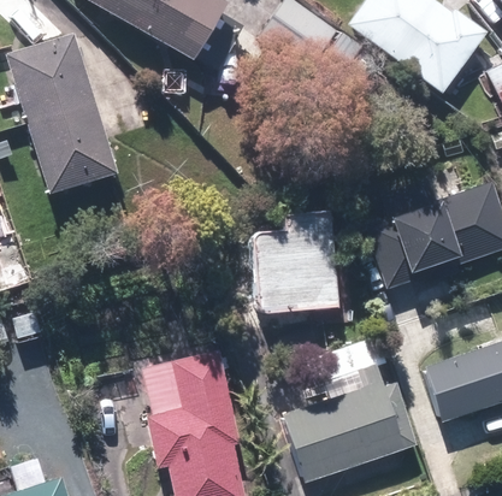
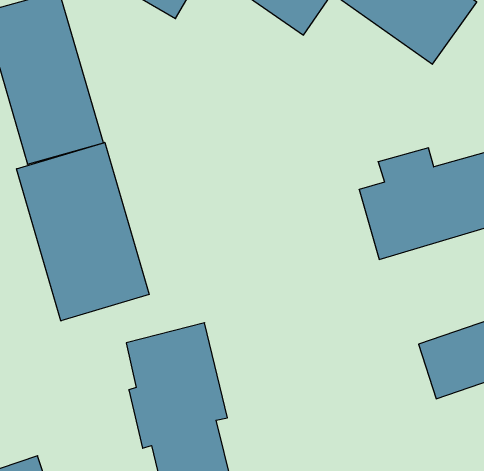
building: none -> [17,142,149,321]
building: [252,212,338,312] -> none
building: [278,360,417,482] -> none

